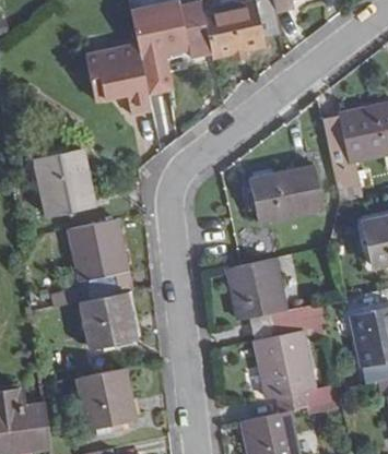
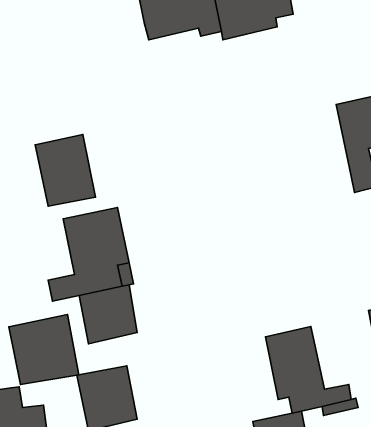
building: [89,43,154,114] -> none
building: [247,165,324,223] -> none
building: [228,264,324,339] -> none
building: none -> [9,315,79,384]

